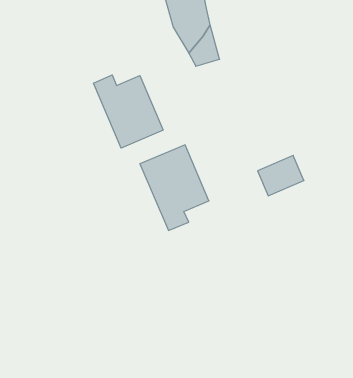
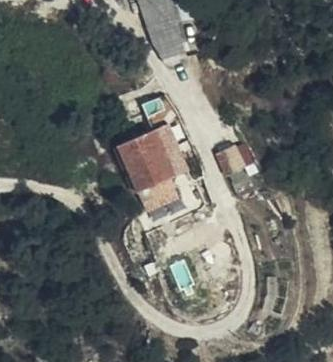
building: [94,75,163,148] -> none

